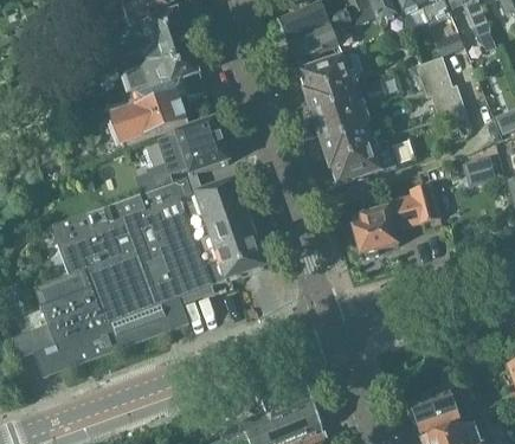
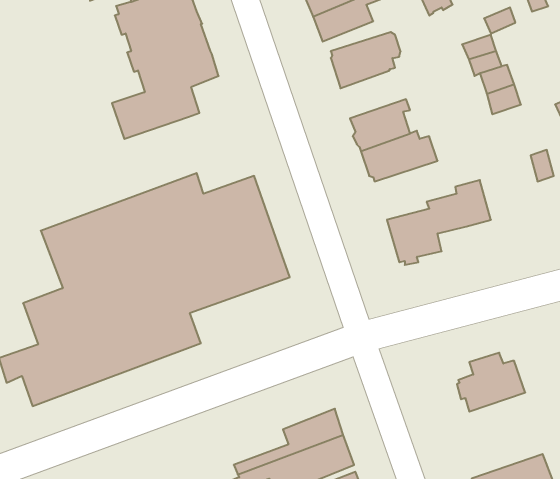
building: [308,88,366,129] -> none
building: [156,118,228,175] -> none
building: [410,384,469,435] -> [457,353,525,412]

